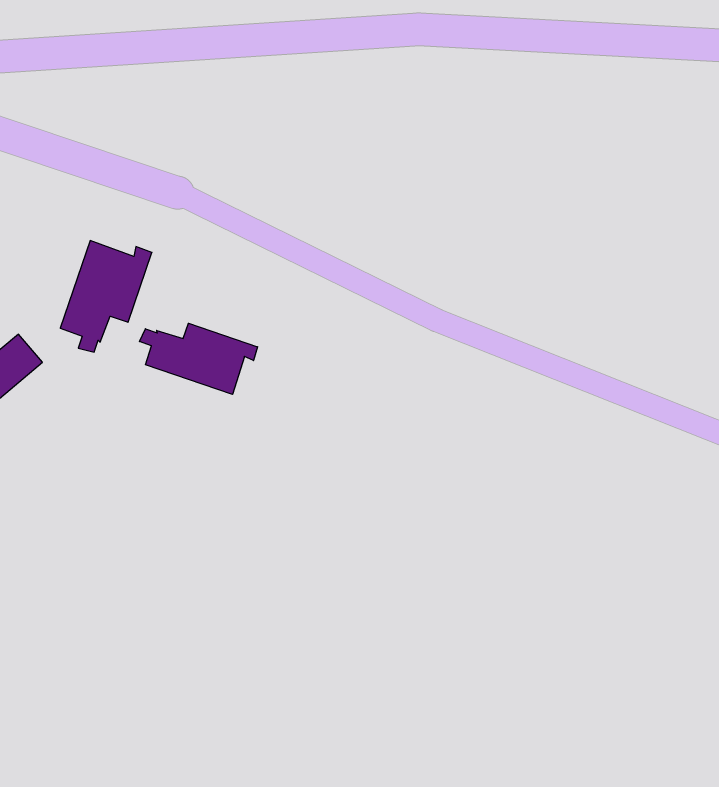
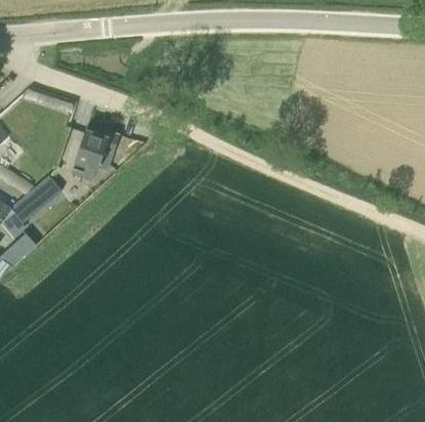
building: [140,323,258,394] -> none

